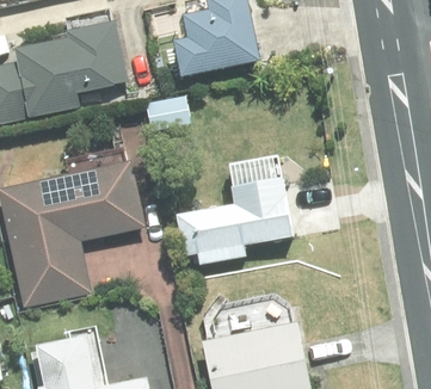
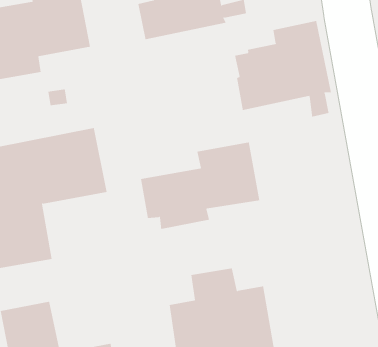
building: none -> [235,20,331,117]

